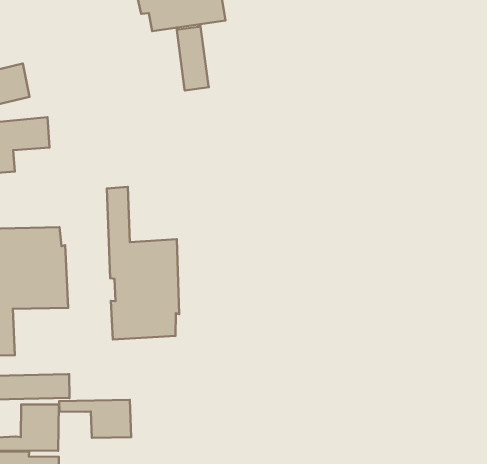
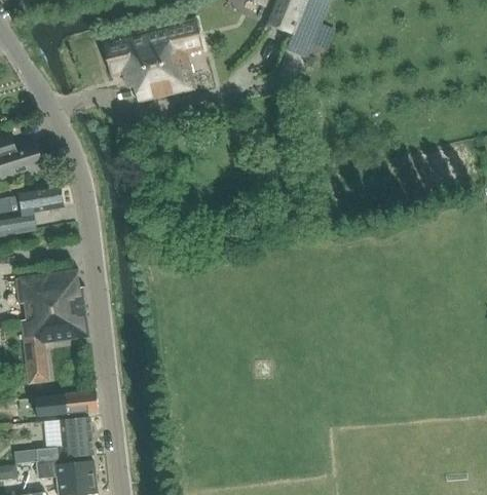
building: [177,24,209,91] -> none
building: [107,187,179,340] -> none
building: [59,400,131,438] -> none

